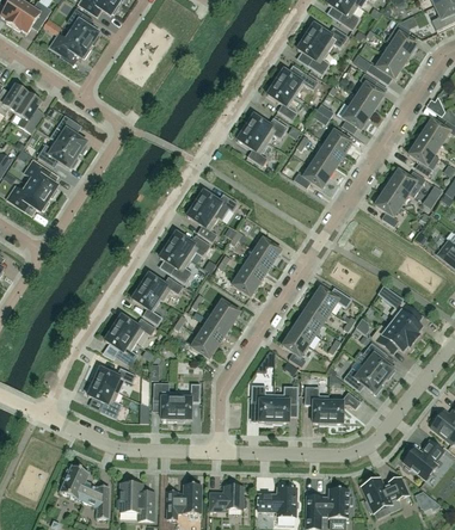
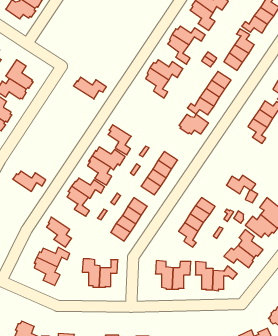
building: none -> [179,114,208,134]
building: [193,190,238,220] -> [73,77,106,99]
building: [313,286,352,312] -> [226,175,256,194]
building: [111,315,155,343] -> [13,171,46,191]

